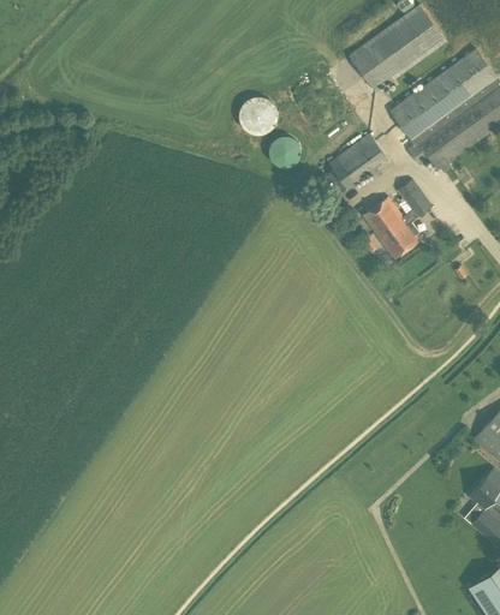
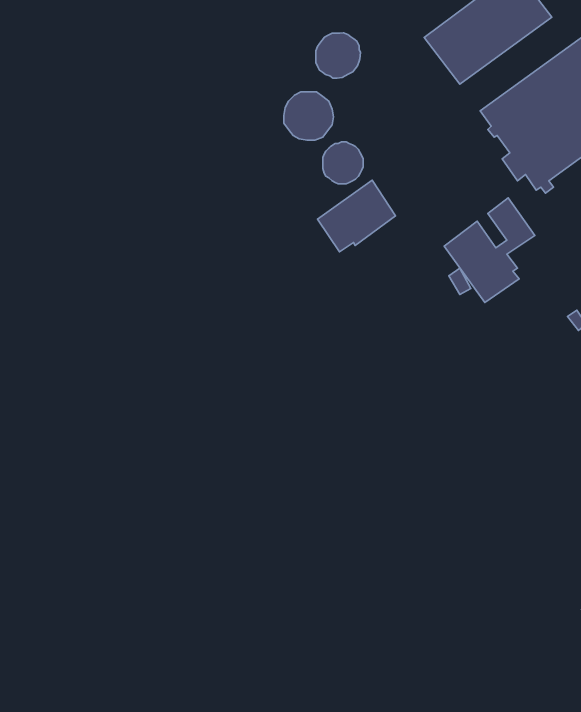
building: none -> [316,33,361,78]
building: [327,133,387,189] -> [318,180,396,252]

